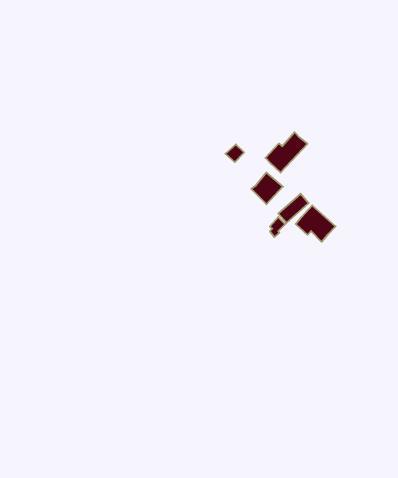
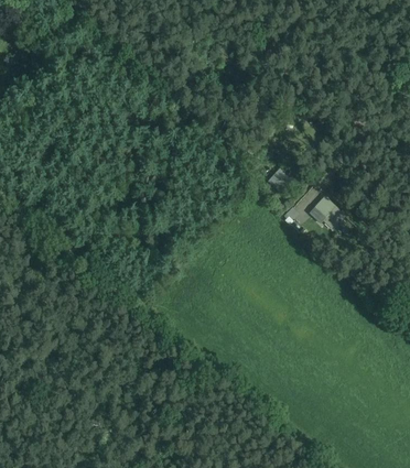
building: [265,132,307,173] -> none

